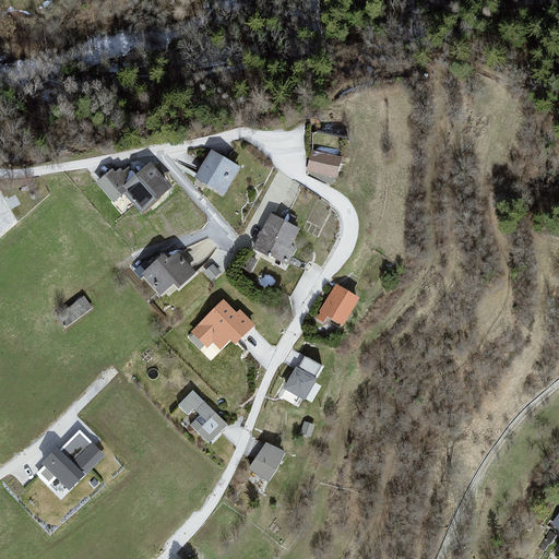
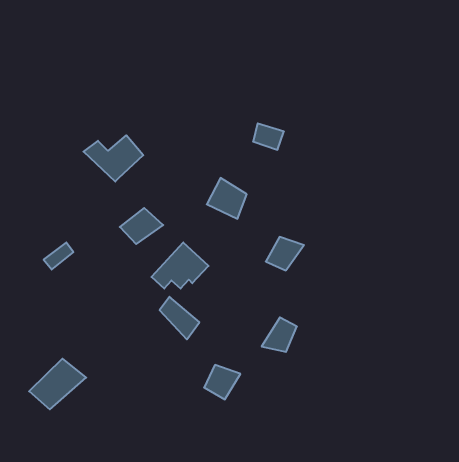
building: [197,148,238,194] -> none
building: [284,354,326,395] -> [262,317,297,352]
building: [177,391,225,442] -> [160,297,199,339]

